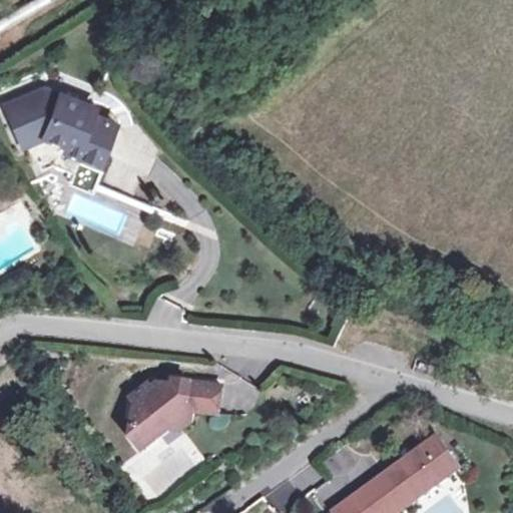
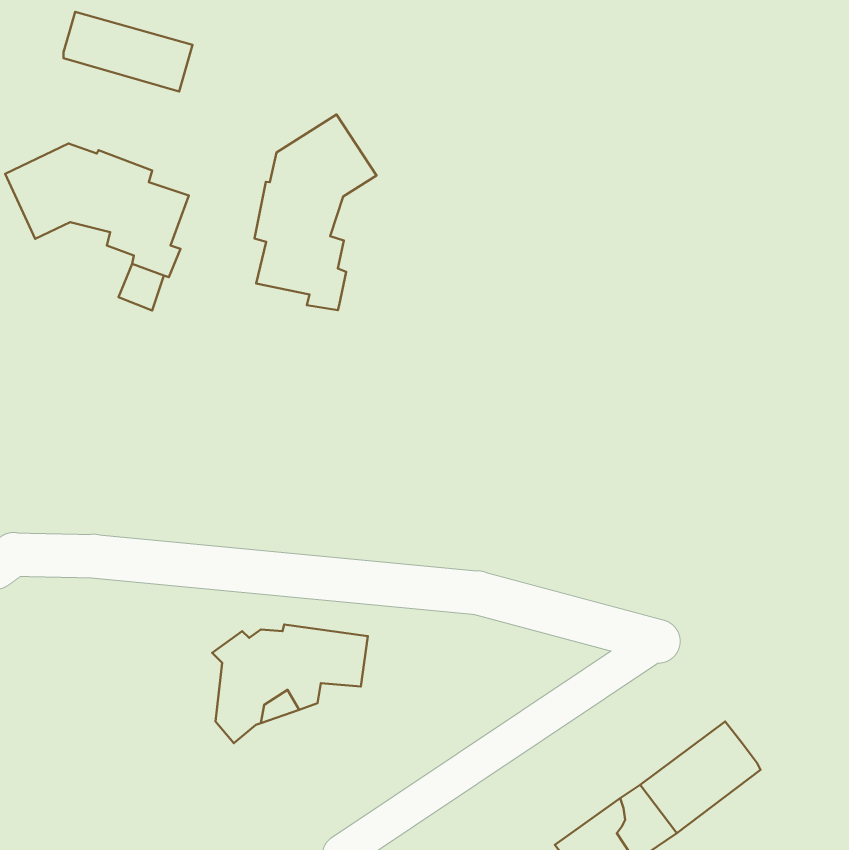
building: none -> [64,12,193,91]
building: none -> [254,115,377,310]

